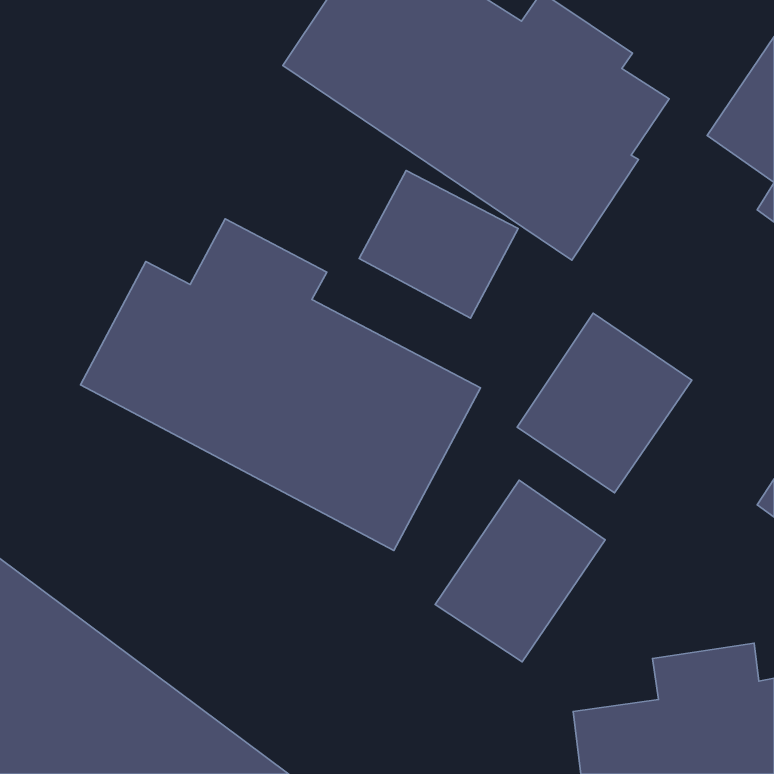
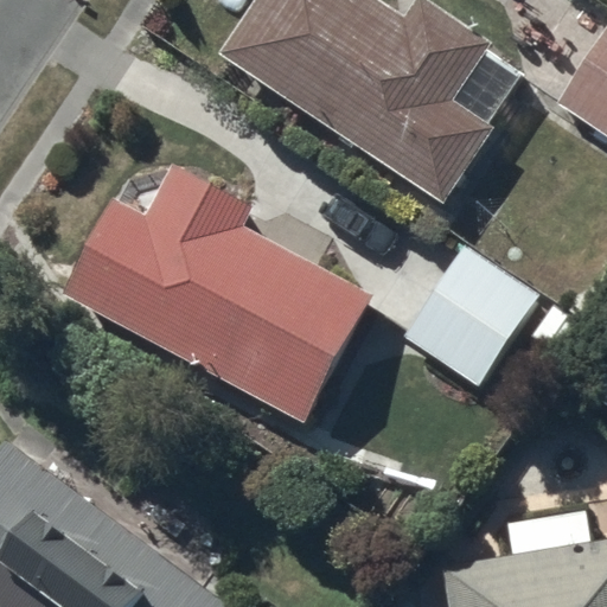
building: [359,170,518,318] -> none
building: [435,480,605,662] -> none

